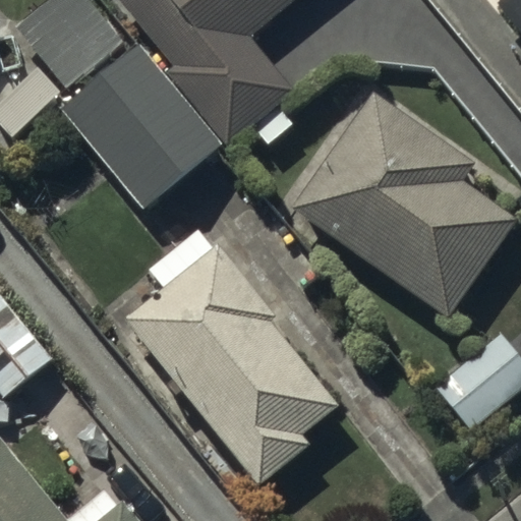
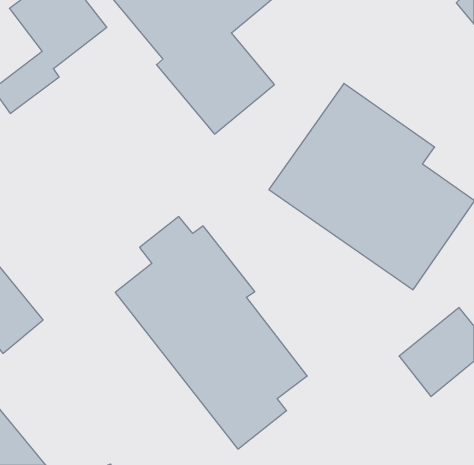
building: [60,44,220,209] -> none

